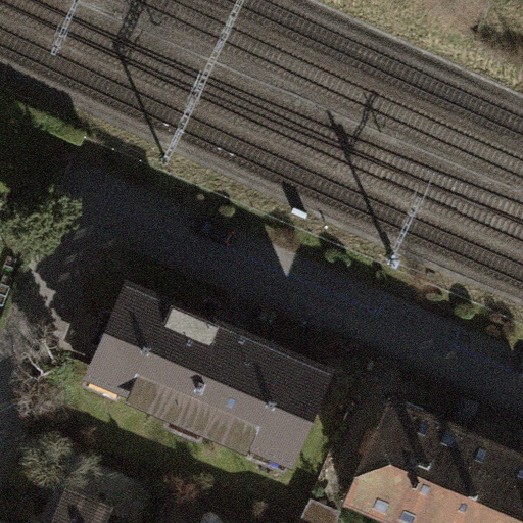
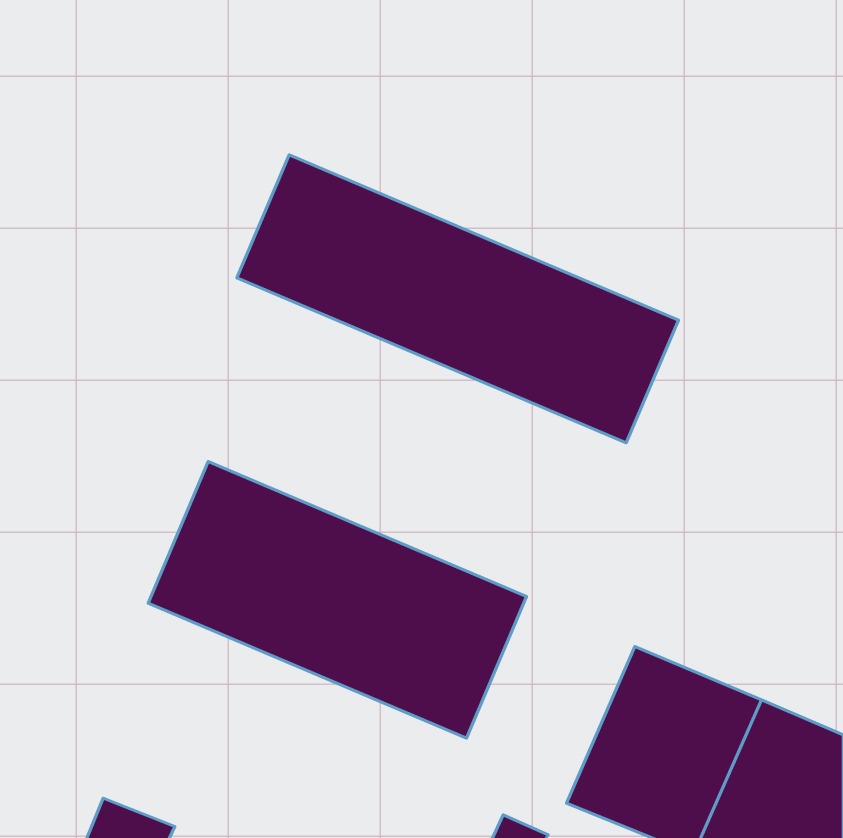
building: none -> [237,155,678,443]

